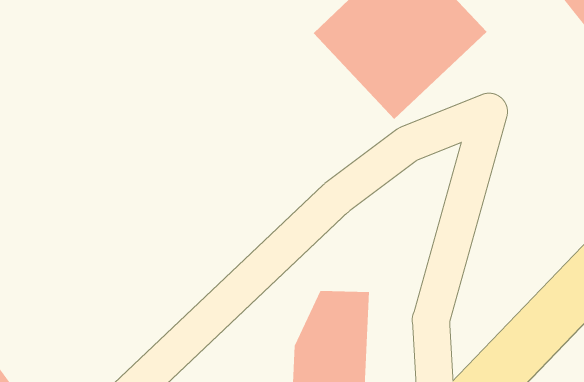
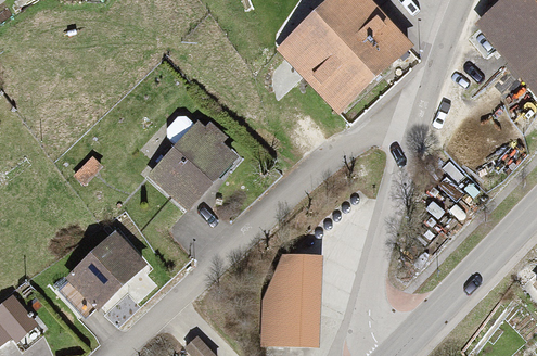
building: none -> [150,124,235,211]
building: none -> [66,234,138,305]

